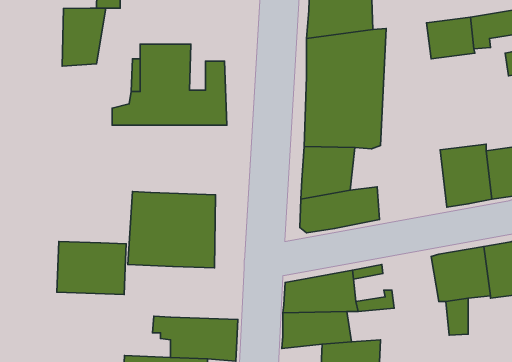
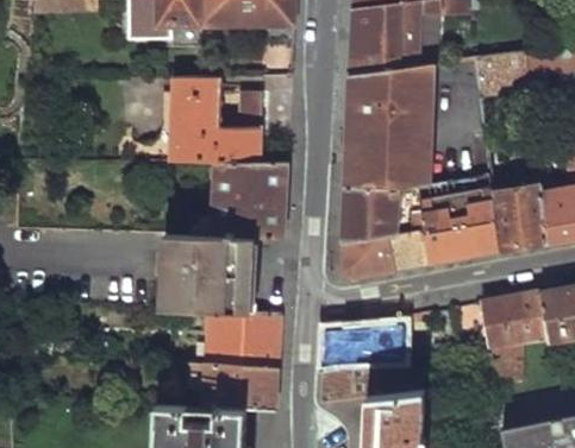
building: [62,8,106,66] -> none
building: none -> [183,164,287,239]
building: none -> [420,179,498,264]
building: [57,242,126,294] -> [205,314,279,370]

